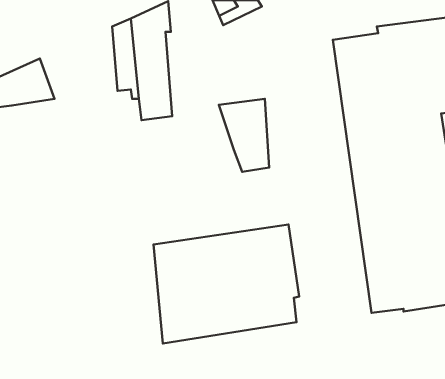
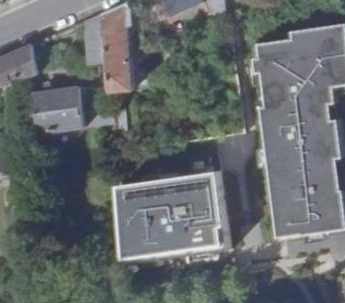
building: [219,99,269,172] -> none
building: none -> [32,91,110,135]

